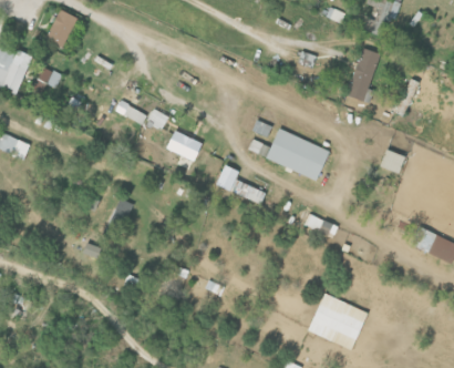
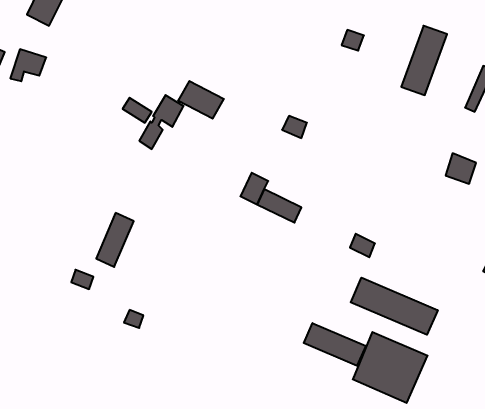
building: [267,129,330,181] -> none
building: [167,131,204,161] -> [178,81,224,119]
building: none -> [351,278,438,335]
building: none -> [304,323,366,366]

